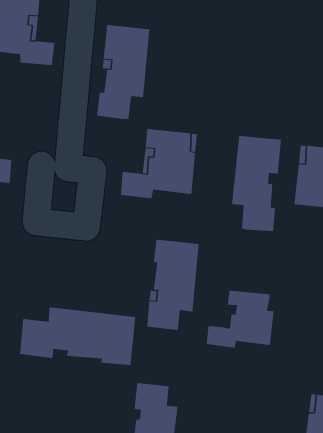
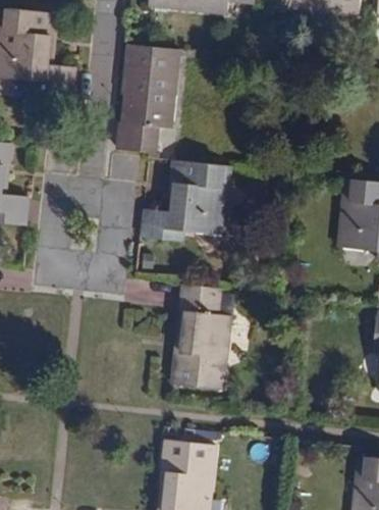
building: [232,135,282,232] -> none
building: [206,290,274,348] -> none
building: [19,307,136,366] -> none

